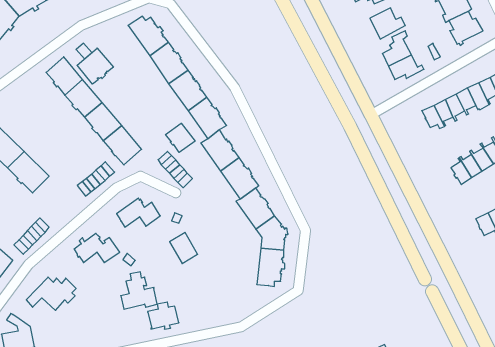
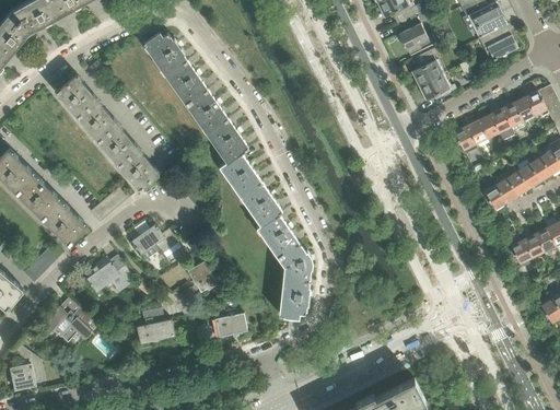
building: [77,48,113,84] -> none
building: [166,123,195,152] -> none
building: none -> [43,201,85,244]
building: [148,302,179,329] -> [214,308,247,337]

